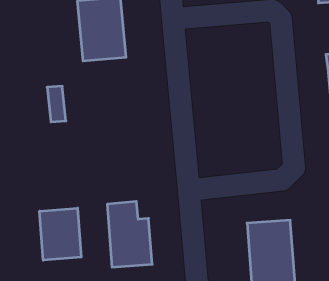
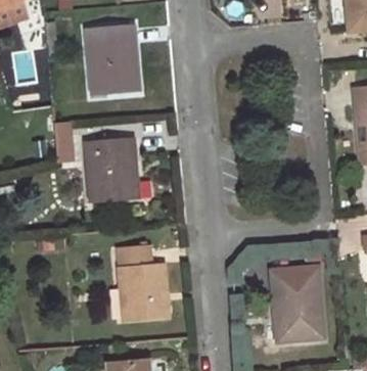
building: none -> [87,139,137,202]
building: [40,208,81,260] -> none

